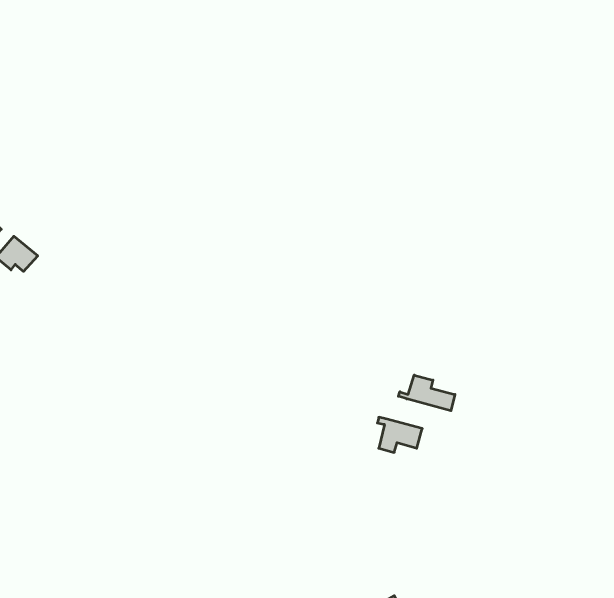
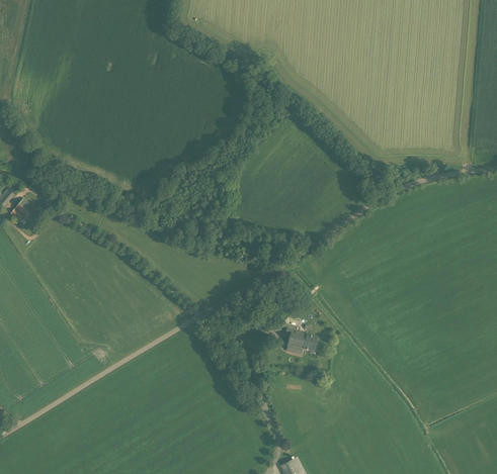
building: [398,375,455,411] -> none

